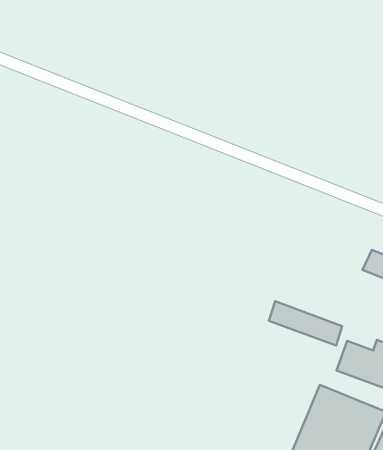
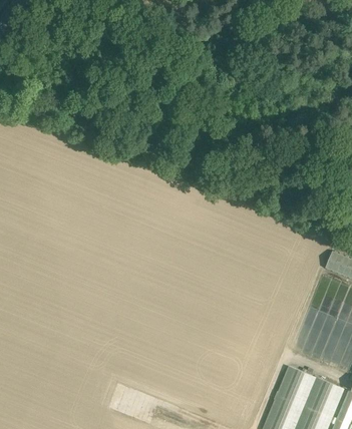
building: [269,301,342,346] -> none

